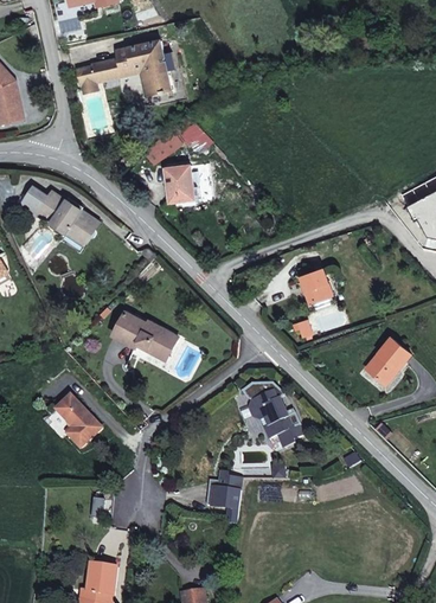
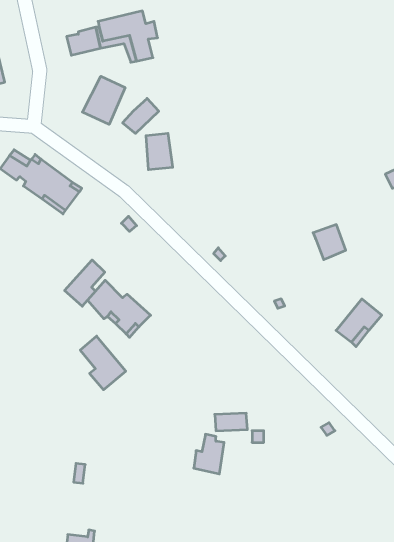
building: none -> [82,76,125,124]
building: [297,269,331,304] -> [313,225,346,260]
building: none -> [65,260,105,306]
building: [246,385,301,449] -> none
building: [53,393,100,448] -> [80,336,126,390]

